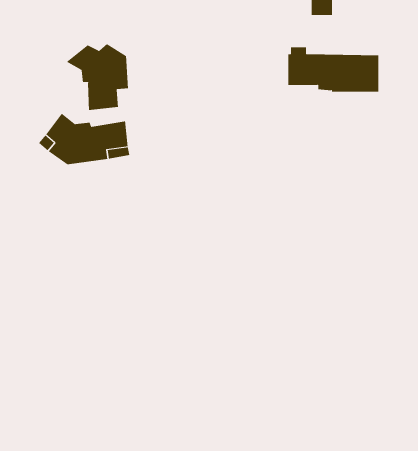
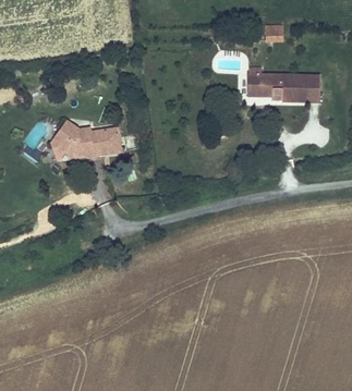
building: [66,43,129,111] -> none

